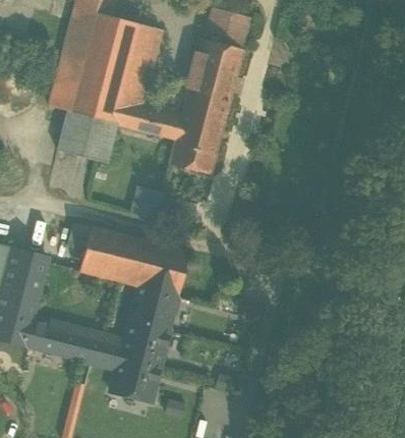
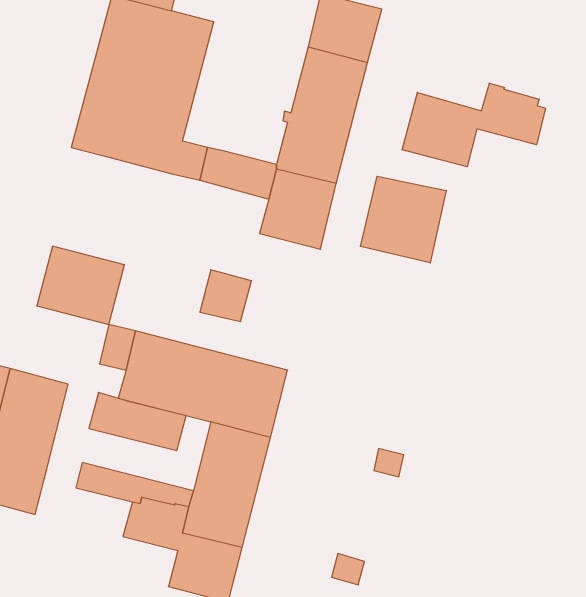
building: [121,25,163,109] -> none
building: none -> [402,83,546,167]
building: [58,112,115,163] -> [37,246,125,325]
building: none -> [360,176,446,263]
building: [25,322,89,360] -> [89,392,186,450]

